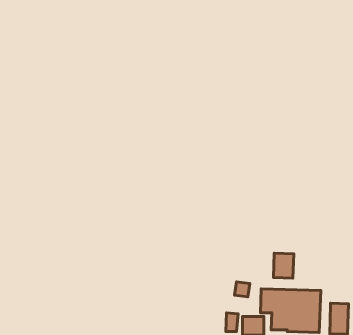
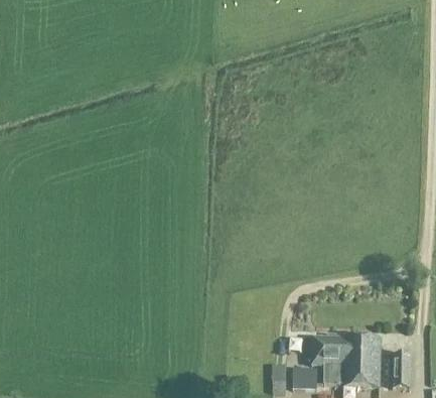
building: [273,253,294,278] -> none

